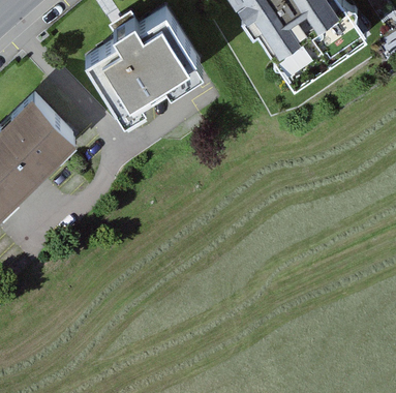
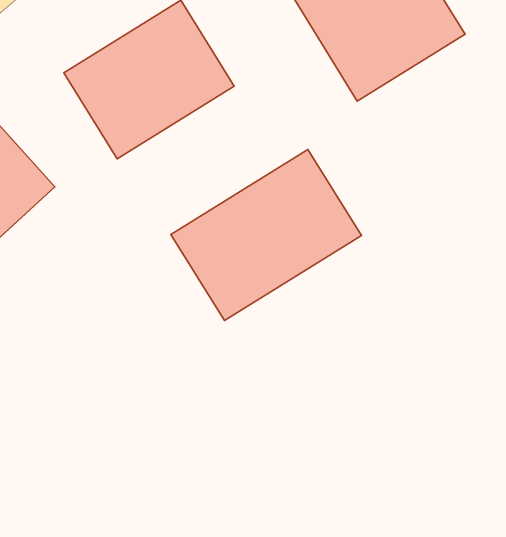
building: none -> [171,149,361,320]

